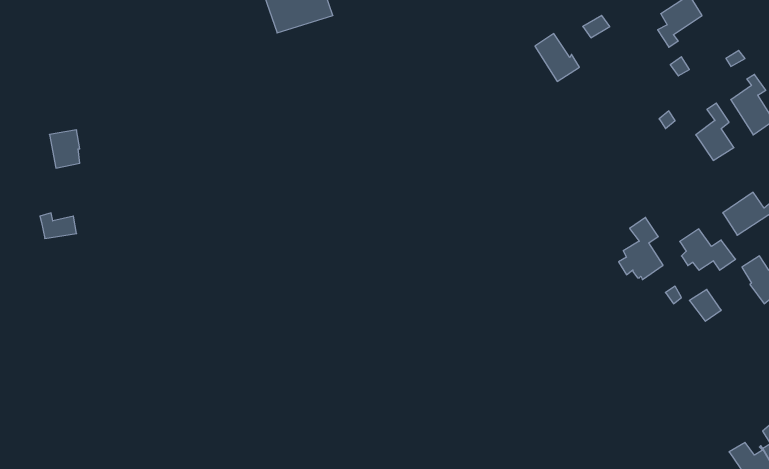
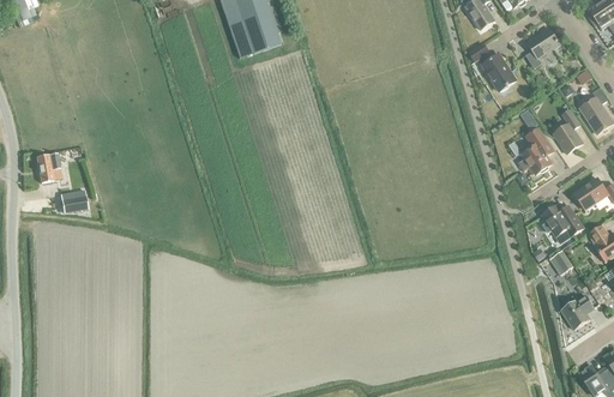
building: [535,34,579,81] -> [482,54,516,90]
building: [49,130,80,168] -> [37,152,60,181]
building: [619,217,663,280] -> [518,127,552,174]
building: none -> [561,294,595,329]

